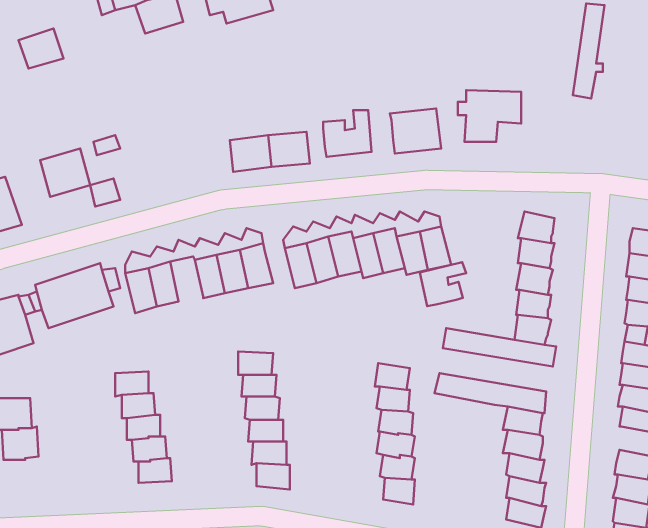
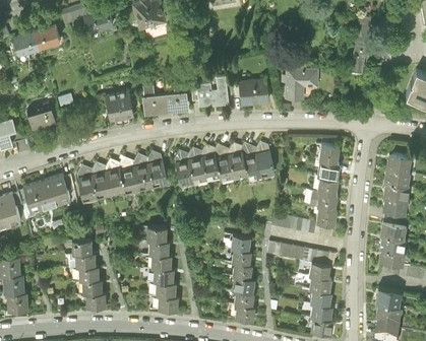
building: none -> [34,22,60,47]
building: none -> [105,89,134,119]
building: none -> [105,167,125,195]
building: [420,262,466,306] -> none
building: none -> [6,289,27,310]

